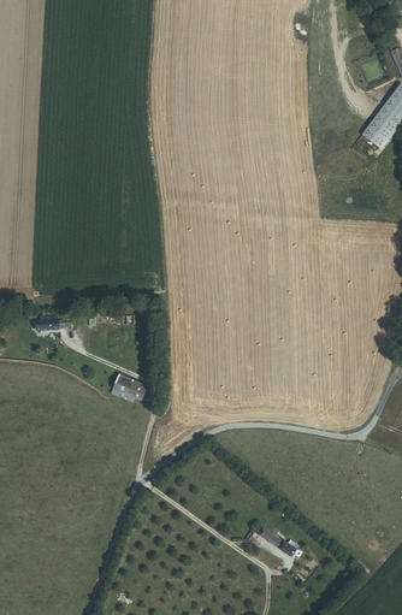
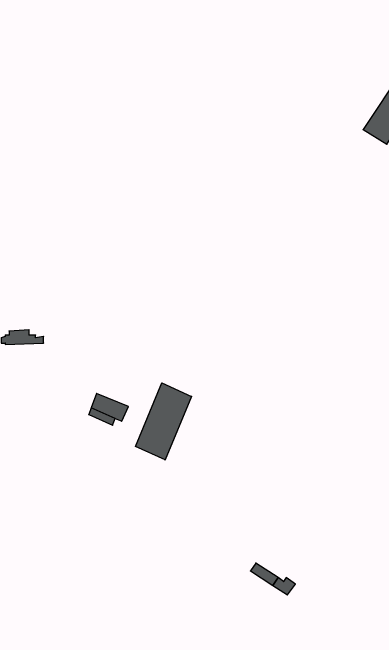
building: none -> [135,383,192,460]

